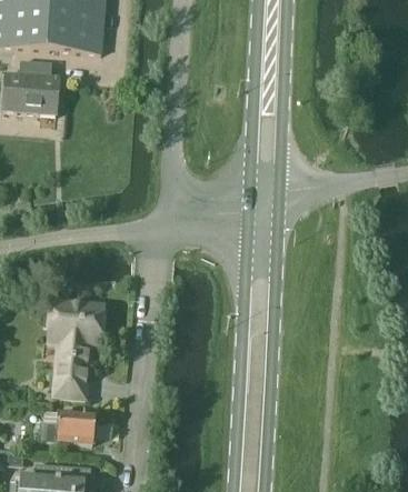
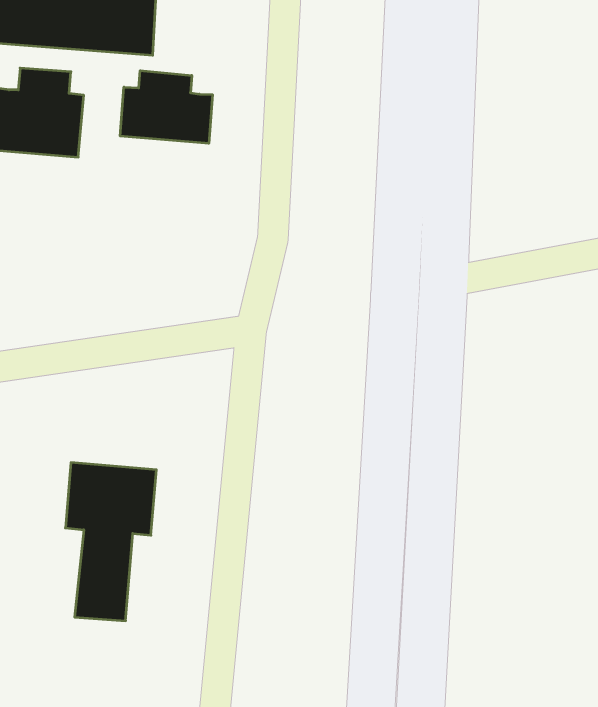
building: none -> [120,71,212,143]
building: [40,412,94,443] -> none

